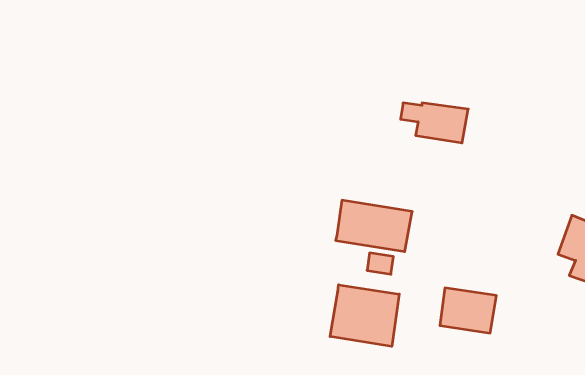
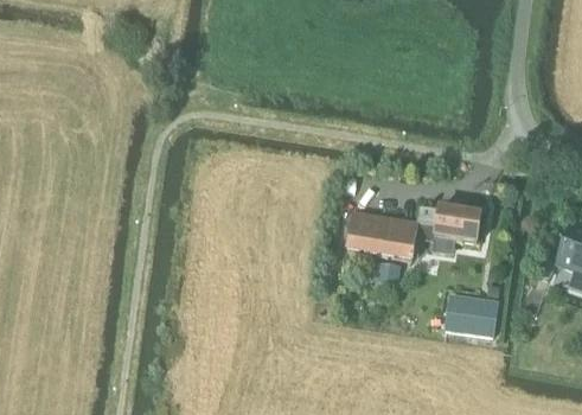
building: [401,103,468,143] -> [417,204,481,242]
building: [330,285,399,346] -> none

